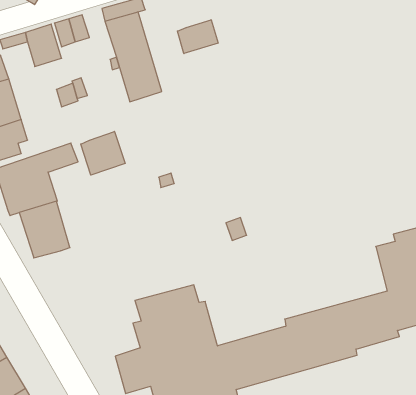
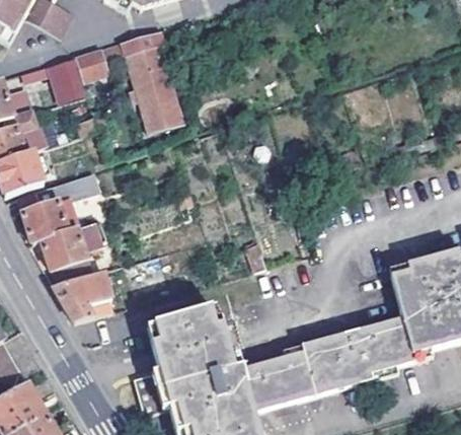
building: [177,20,218,54] -> none
building: [81,131,125,175] -> none
building: none -> [53,270,111,319]

